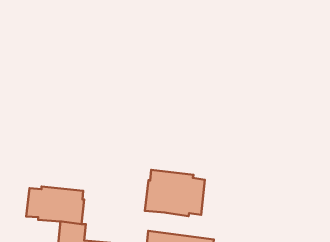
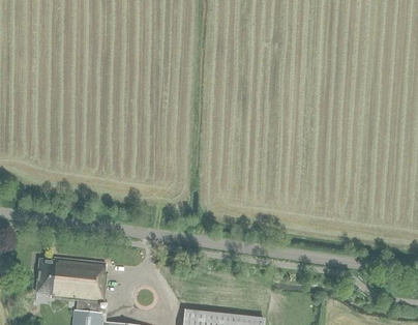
building: [145,170,205,216] -> none

